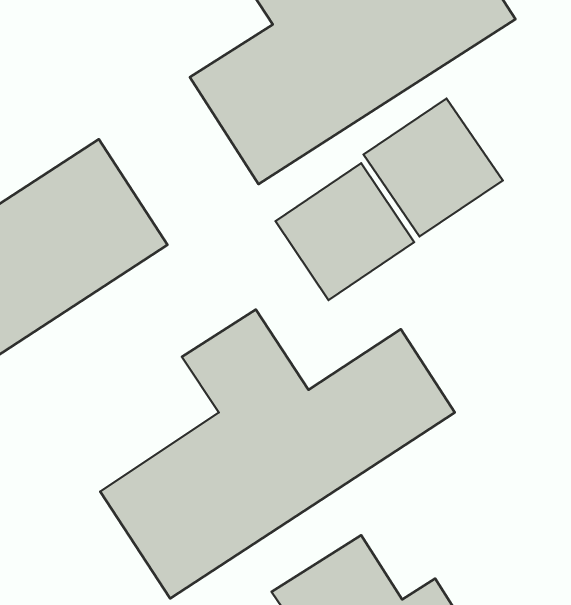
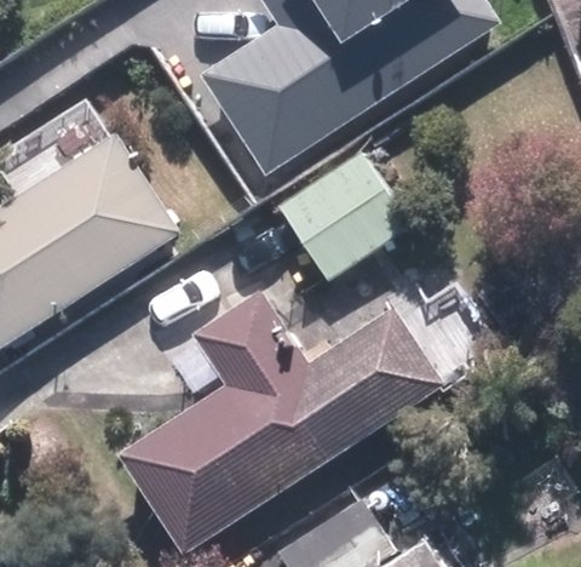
building: [363,98,503,237] -> none

